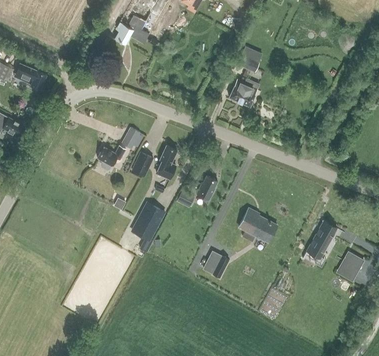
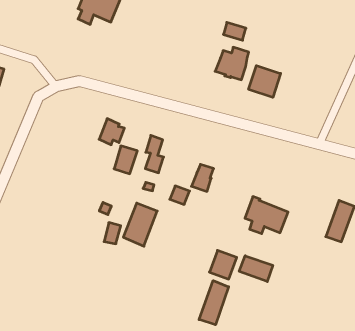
building: none -> [249,66,281,97]
building: [97,145,126,169] -> none
building: none -> [239,256,273,282]
building: none -> [199,281,229,325]

